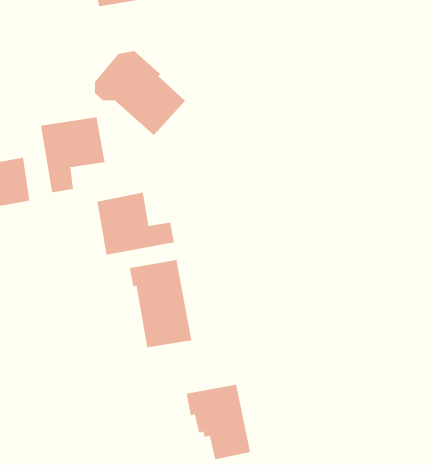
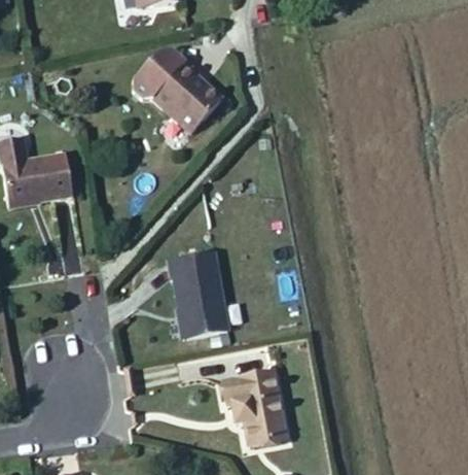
building: [41,117,105,193] -> none
building: [97,192,174,255] -> none

